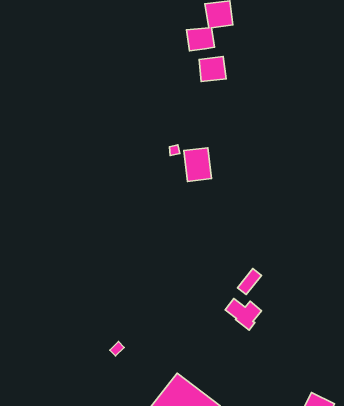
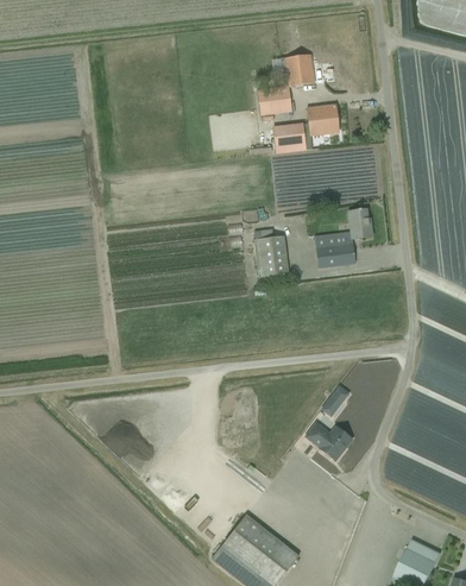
building: none -> [307,105,339,136]
building: none -> [316,208,372,267]

